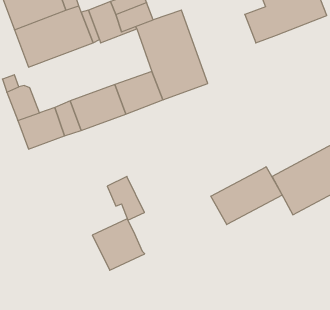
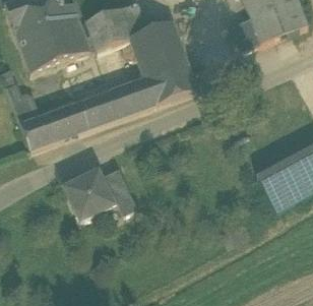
building: [211,167,282,225] -> none
building: [92,219,145,270] -> [64,172,113,220]

